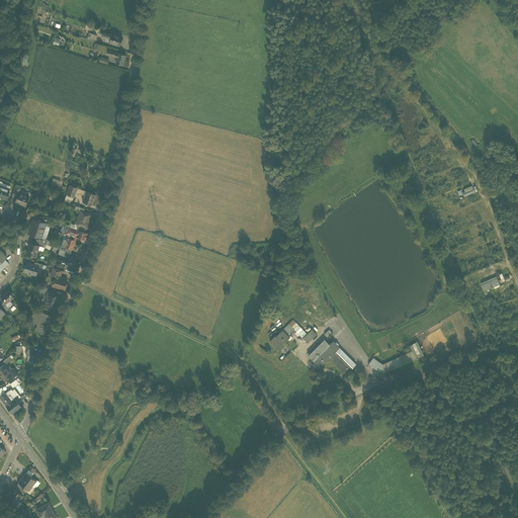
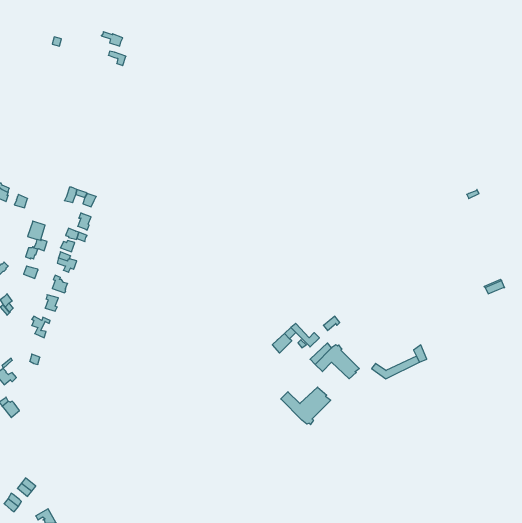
building: none -> [281,387,331,425]

